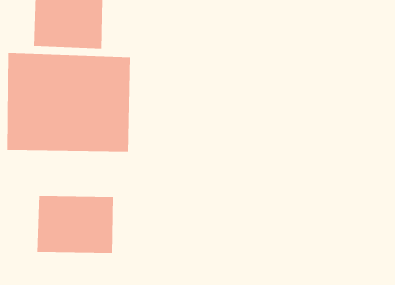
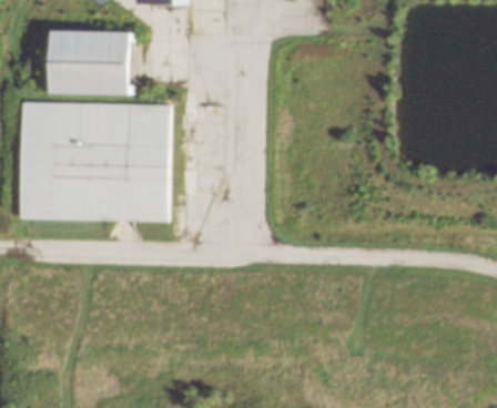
building: [36,195,114,254] -> none

